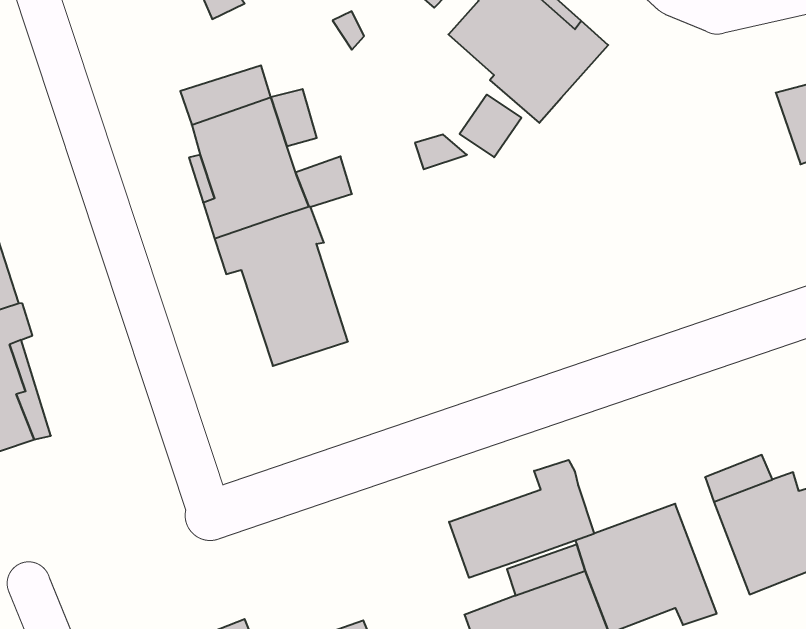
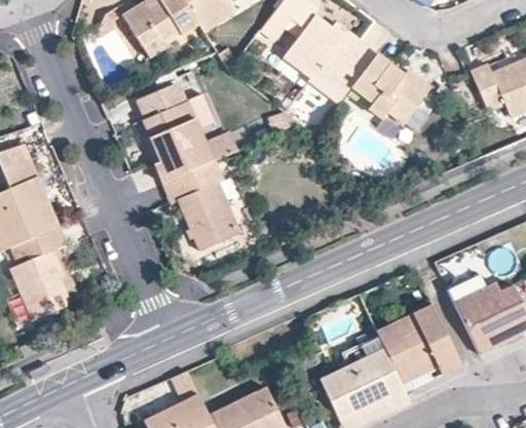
building: none -> [349,52,424,121]
building: [449,460,594,578] -> none

